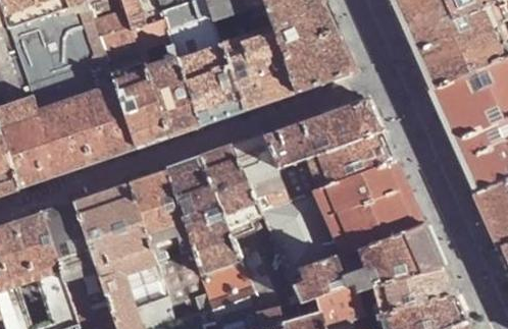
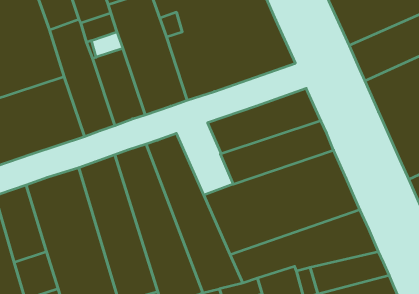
building: [234,134,293,210] -> none

